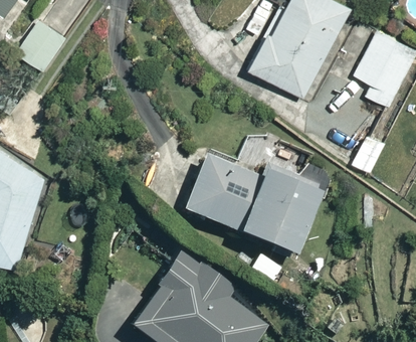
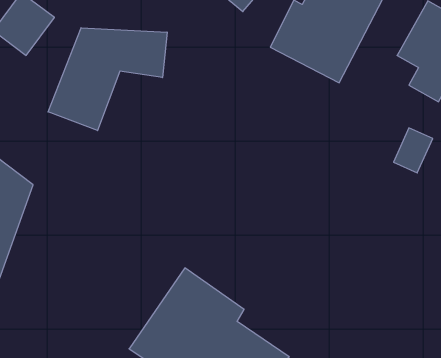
building: none -> [48,28,167,131]
building: [180,155,321,256] -> none

